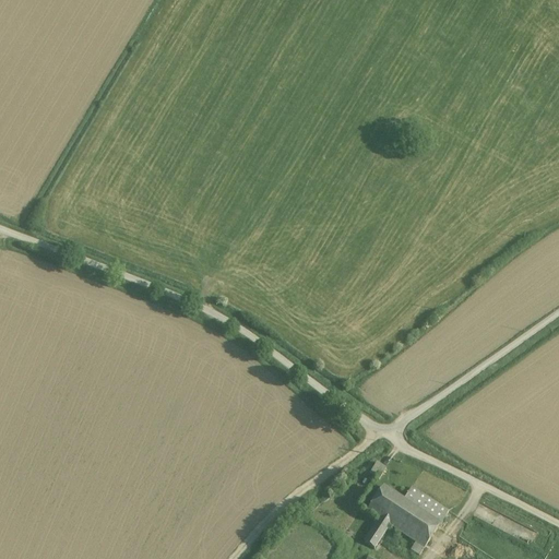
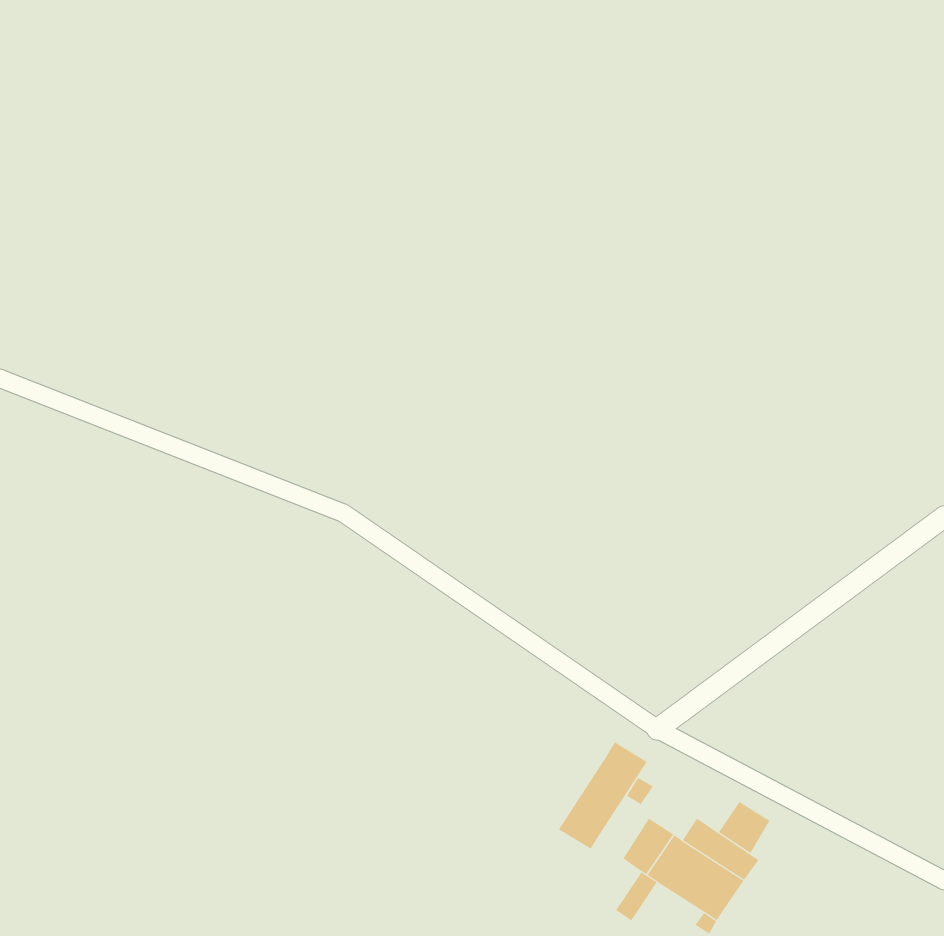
building: none -> [558,742,648,850]
building: none -> [718,801,770,854]

